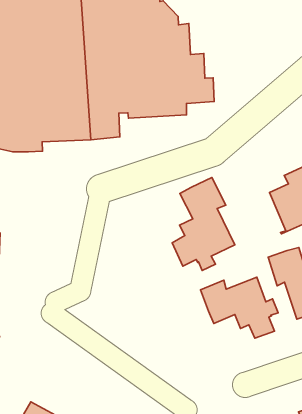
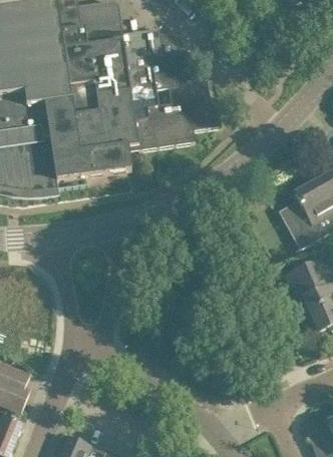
building: [172,178,235,270] -> none
building: [201,277,278,338] -> none

